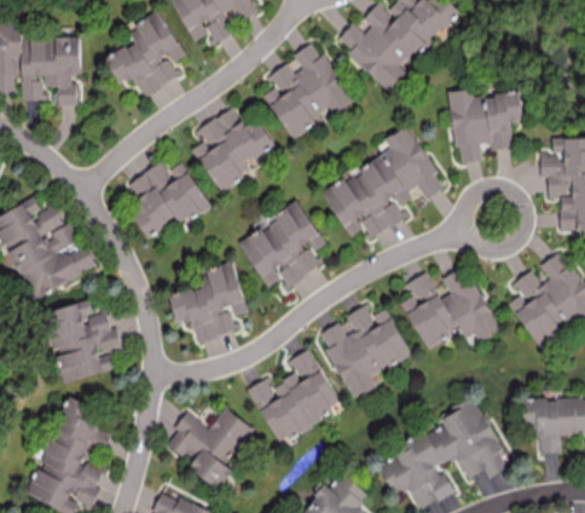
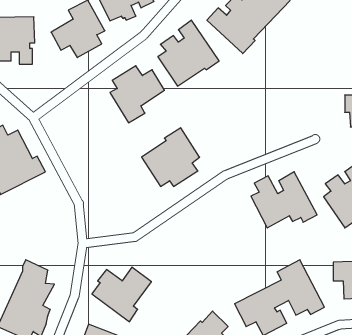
building: [450,91,523,163] -> none
building: [322,126,444,241] -> none
building: [128,162,210,238] -> none
building: [169,263,248,342] -> none
building: [45,300,120,382] -> none
building: [319,306,411,399] -> none
building: [248,350,342,444] -> none

